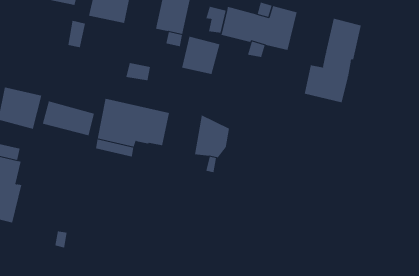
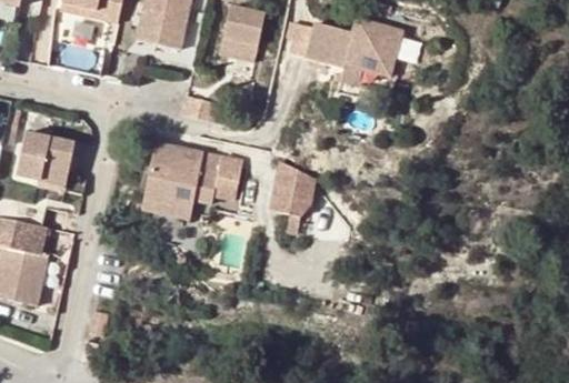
building: [304,18,362,103] -> none
building: [182,36,220,75] -> none
building: [42,100,95,136] -> none

